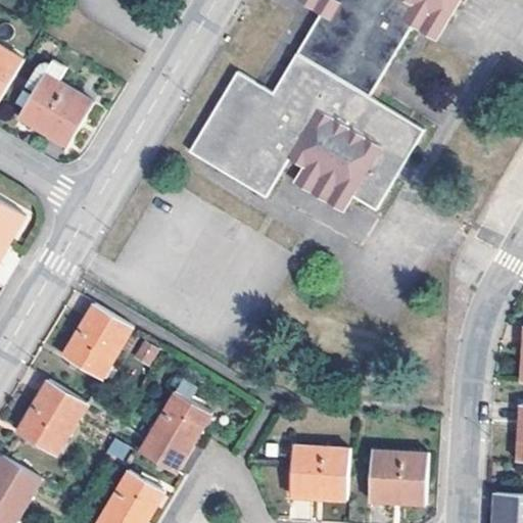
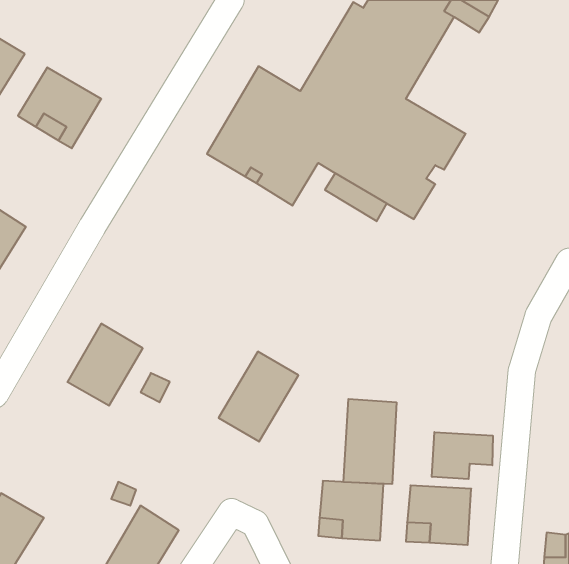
building: none -> [344,399,396,484]
building: [16,380,85,456] -> none
building: [138,390,210,472] -> [219,352,298,442]
building: none -> [432,432,493,479]

